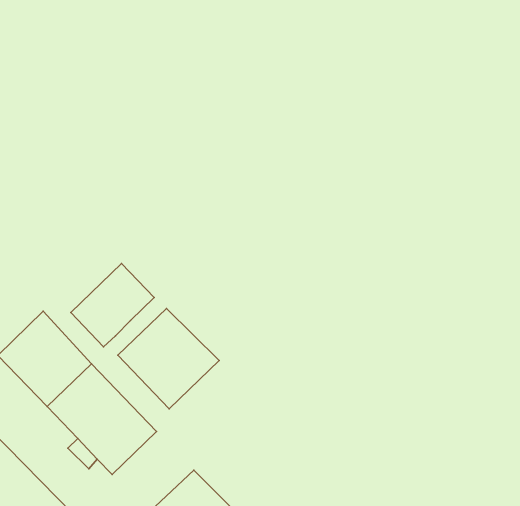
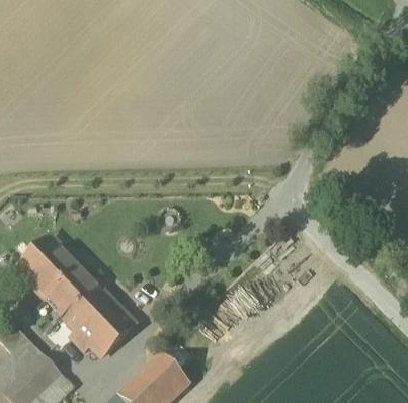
building: [71,263,154,347] -> none
building: [118,309,219,409] -> none

